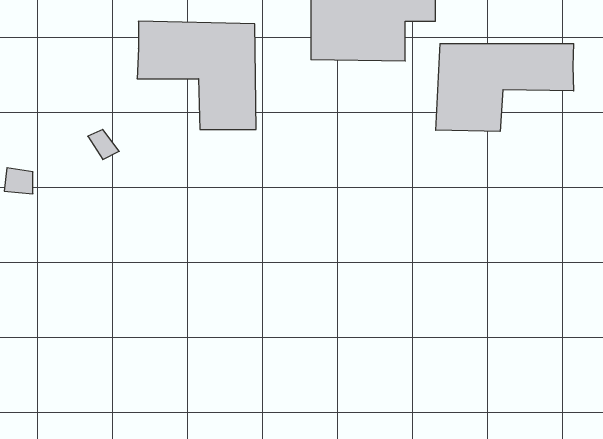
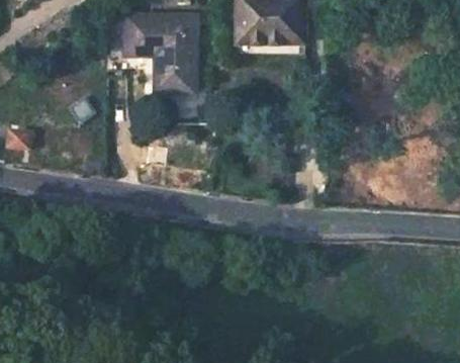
building: [436,44,574,131] -> none

